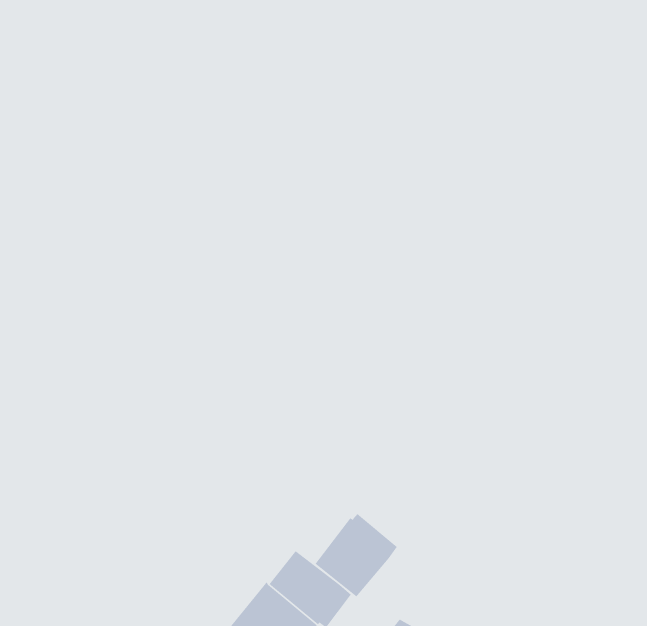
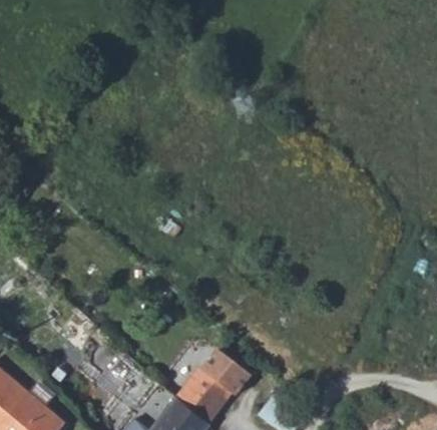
building: [314,513,398,598] -> none

